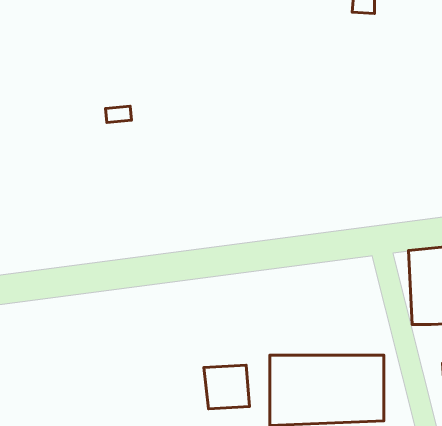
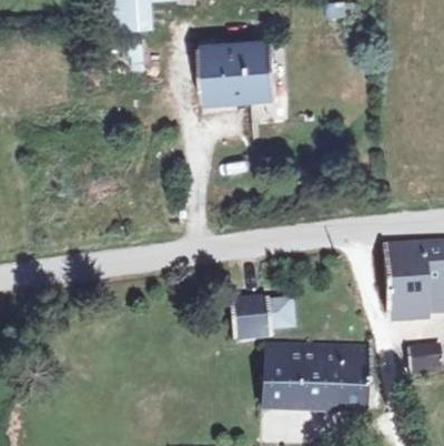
building: none -> [191,47,264,108]
building: [204,365,250,409] -> [232,295,275,336]

